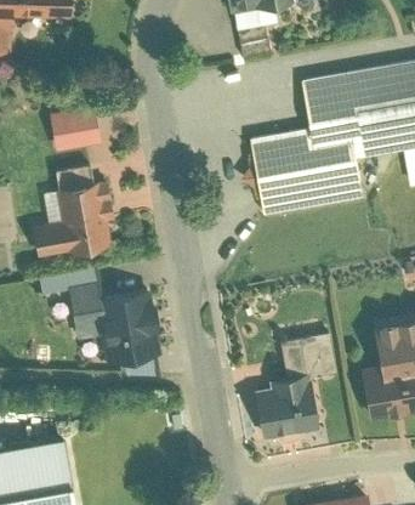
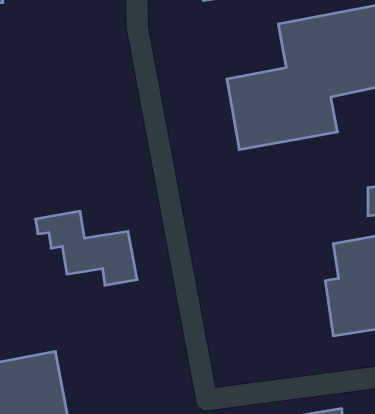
building: [55,106,106,148] -> none
building: [19,157,113,263] -> none
building: [256,331,340,437] -> none

